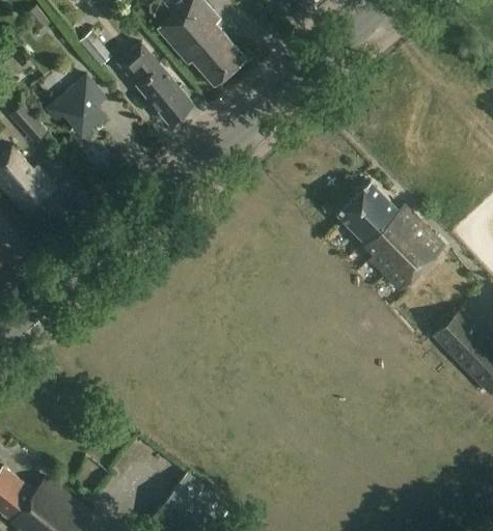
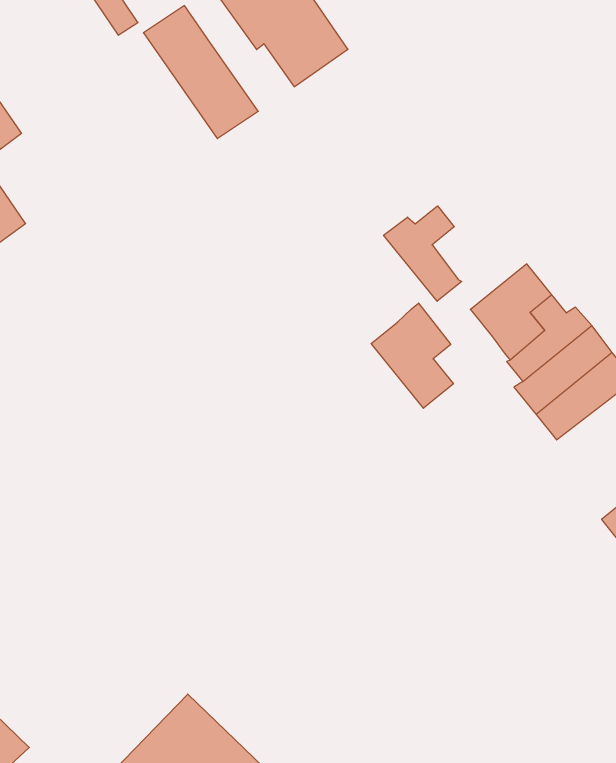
building: [46,77,105,134] -> none
building: none -> [384,206,462,301]
building: none -> [371,303,453,408]

